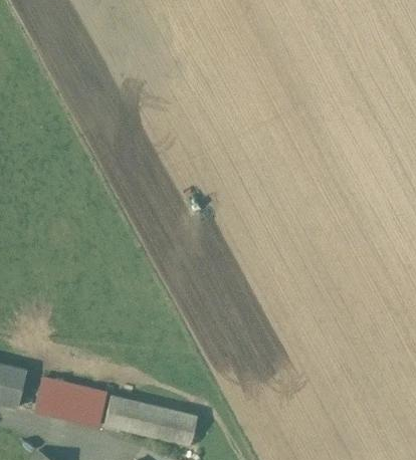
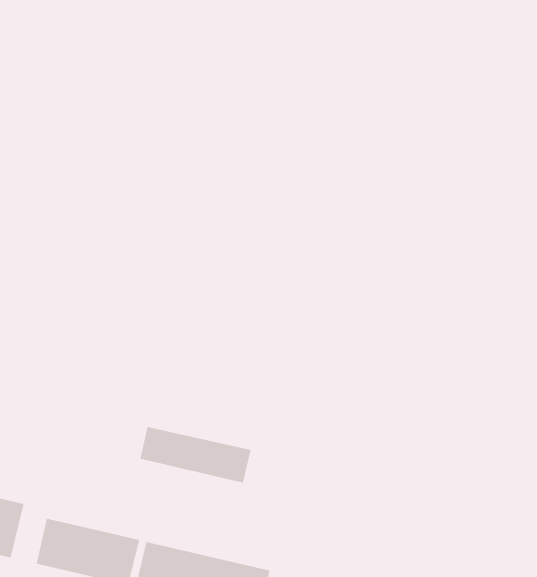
building: none -> [140,426,252,484]

